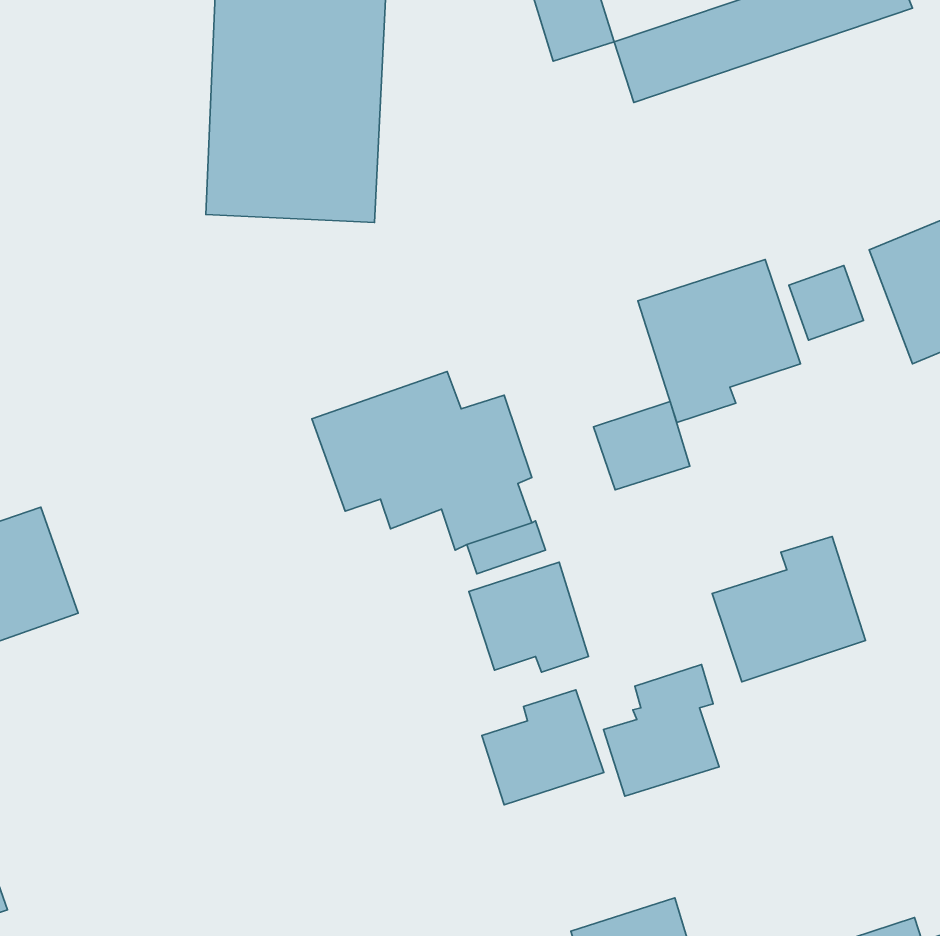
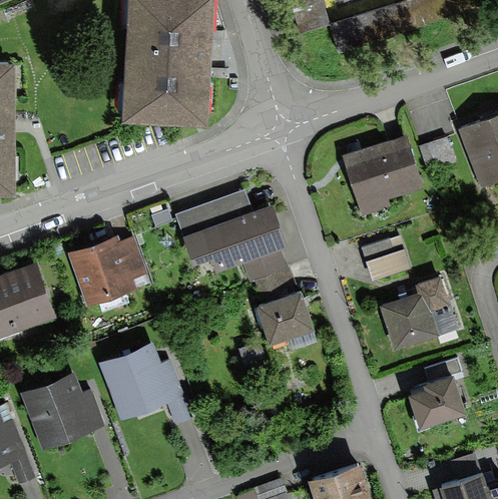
building: [594,401,690,490] -> [361,236,410,282]
building: none -> [67,236,145,315]
building: [603,665,719,796] -> [407,359,466,426]
building: none -> [102,347,173,425]
building: [482,690,604,805] -> none
building: none -> [24,374,95,452]

